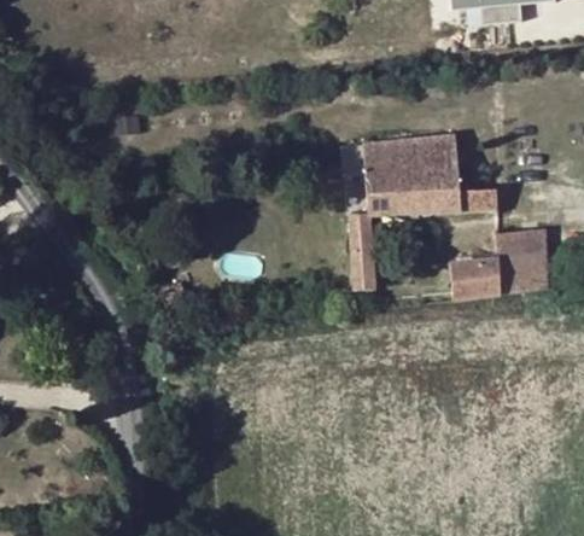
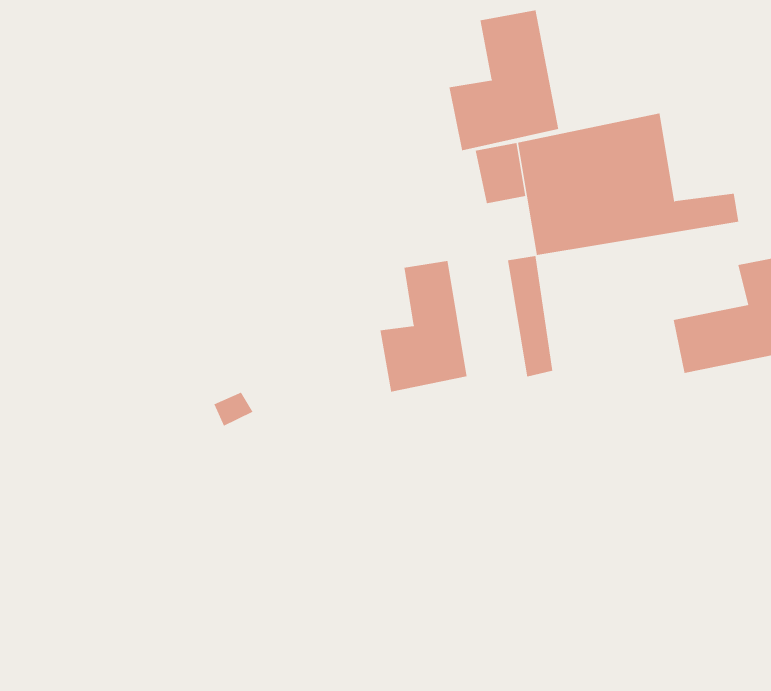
building: none -> [449,9,559,151]
building: none -> [380,260,467,392]

